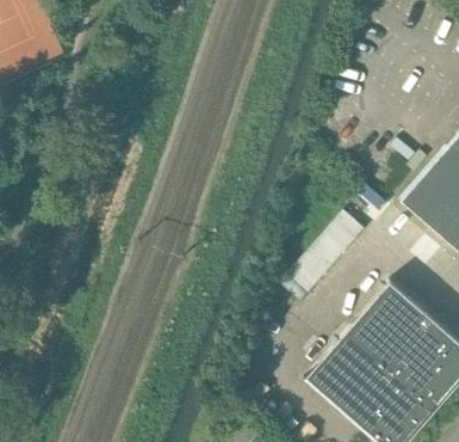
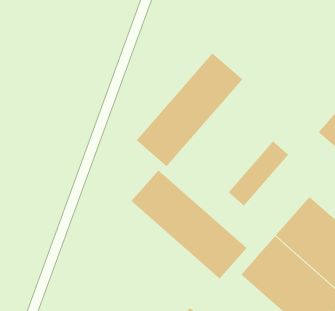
building: none -> [136,52,243,167]
building: none -> [130,169,248,280]

